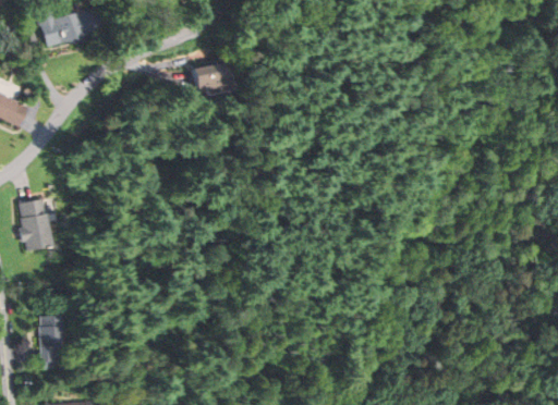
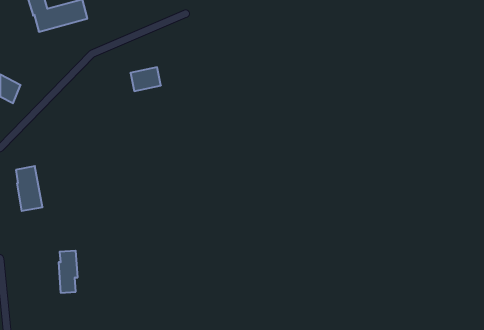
building: [194,63,229,90] -> [130,67,161,91]
building: [40,315,62,363] -> [59,251,78,293]

